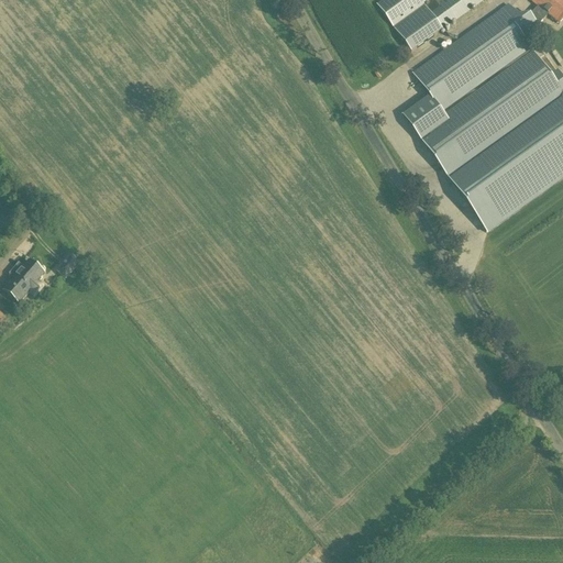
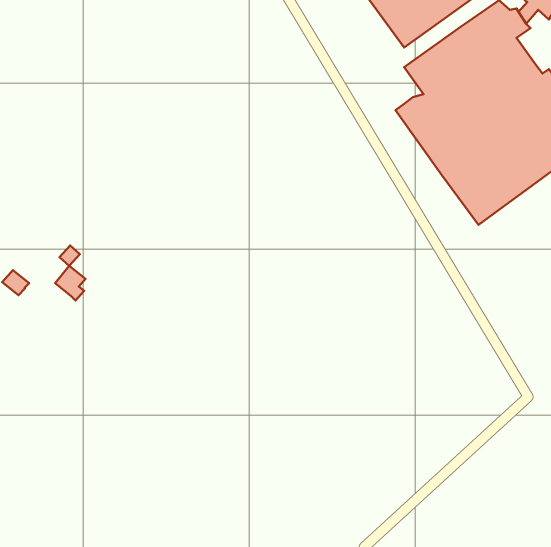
building: [14,257,45,292] -> [55,266,85,301]

